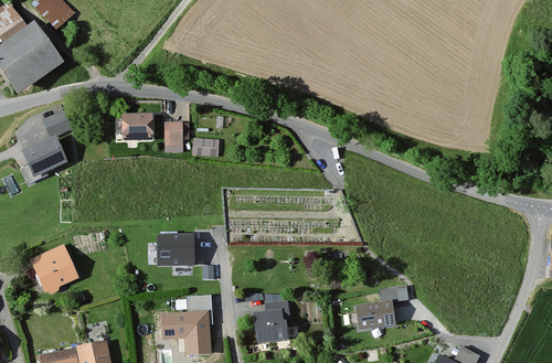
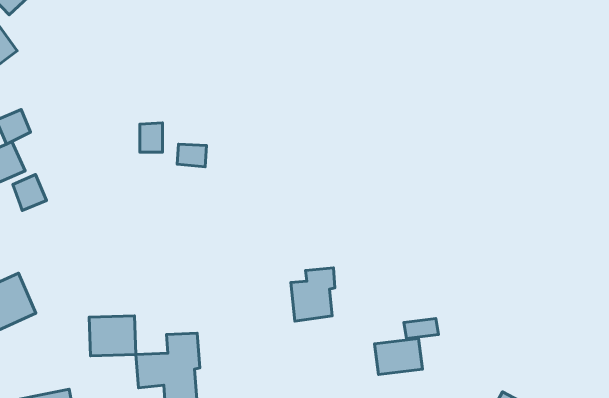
building: [118,114,150,139] -> none
building: none -> [13,175,47,210]
building: [158,233,197,266] -> [89,316,136,356]
building: [251,300,287,344] -> [291,268,335,321]

